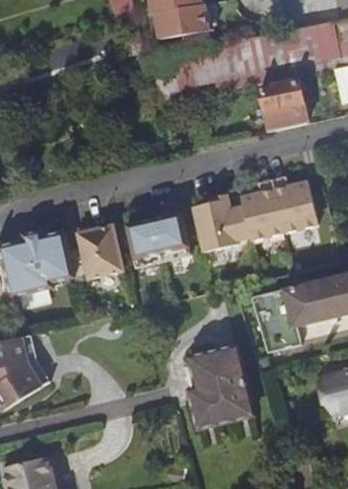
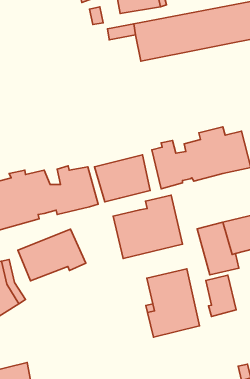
building: [259,79,306,130] -> none
building: none -> [113,195,182,259]
building: none -> [18,229,86,281]
building: none -> [206,275,236,317]

